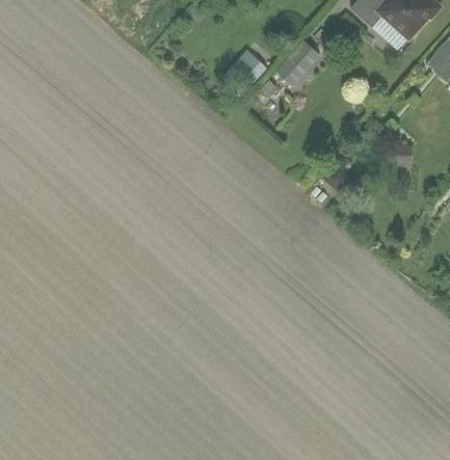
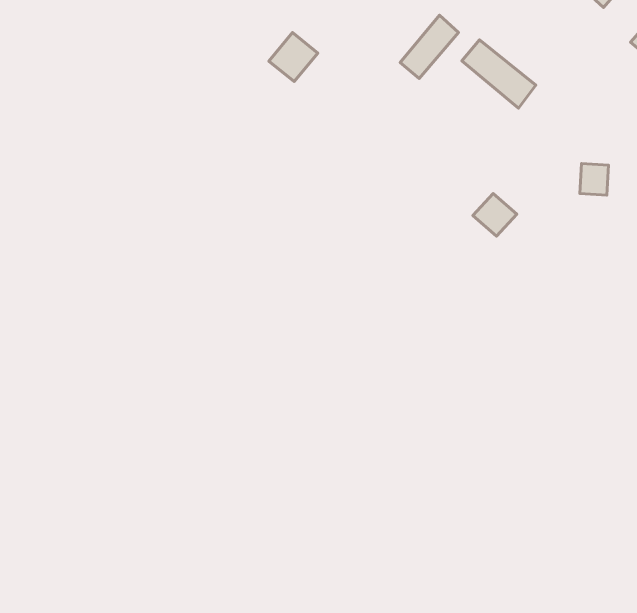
building: [235,51,267,83] -> [269,33,318,82]
building: none -> [462,40,536,108]

